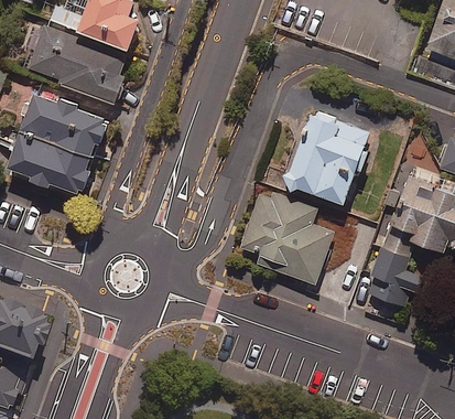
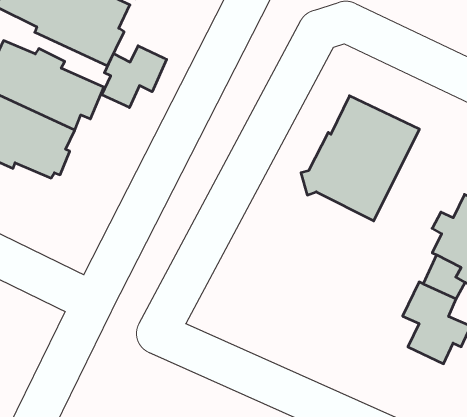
building: none -> [102,46,167,108]
building: [238,190,329,283] -> none

